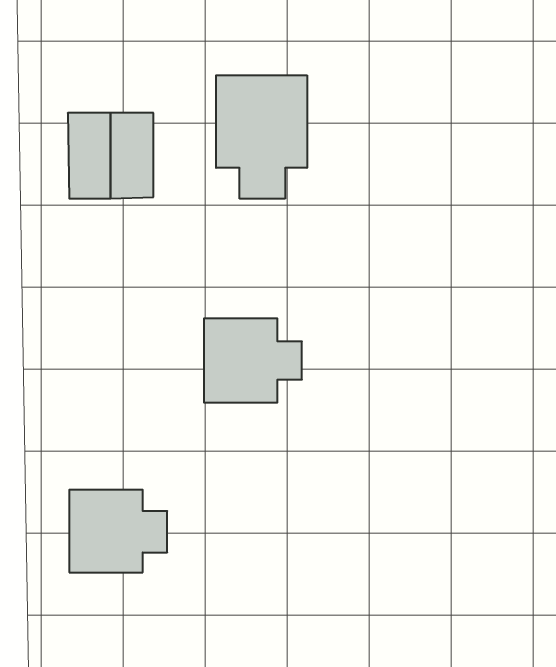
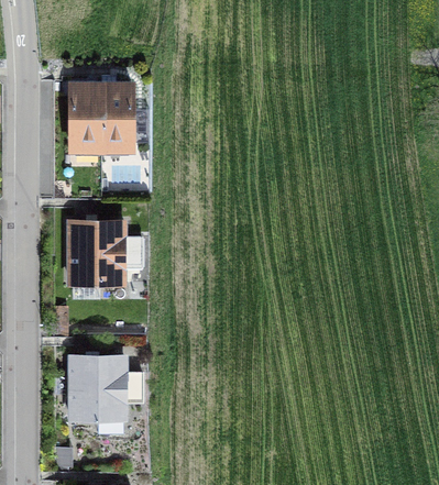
building: [216,75,307,199] -> none
building: [204,318,302,403] -> [69,221,140,282]

